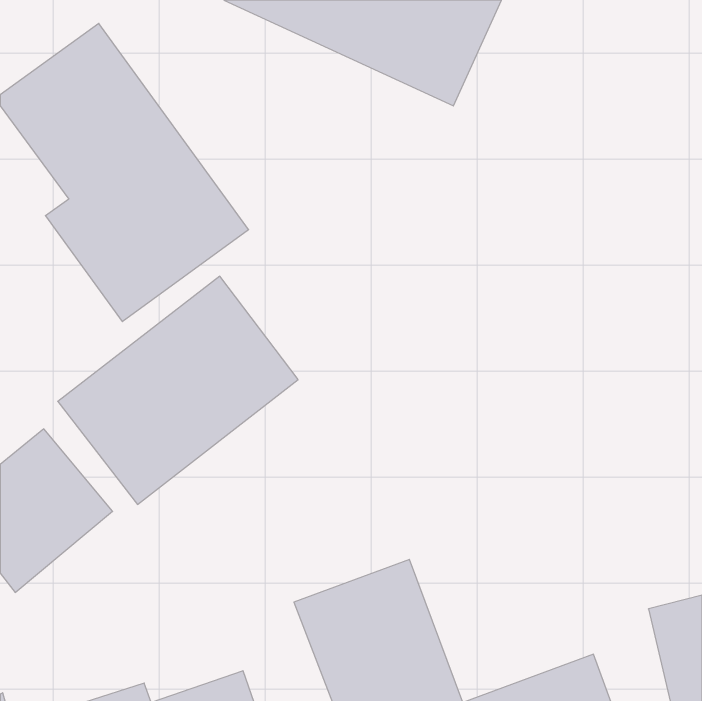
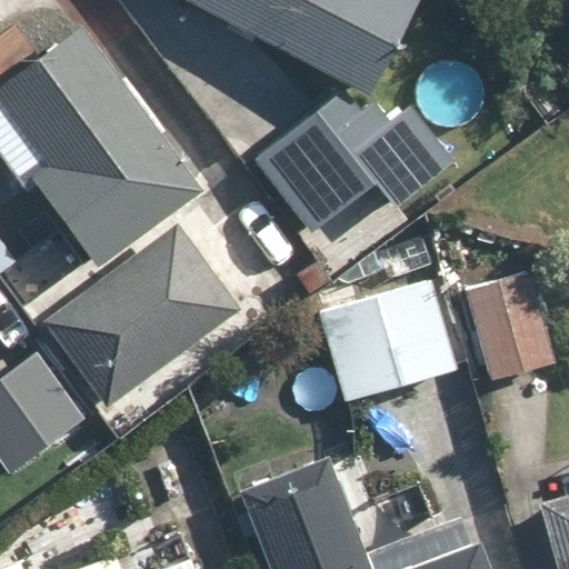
building: none -> [253,90,390,228]
building: none -> [448,261,558,388]
building: none -> [311,272,462,411]

